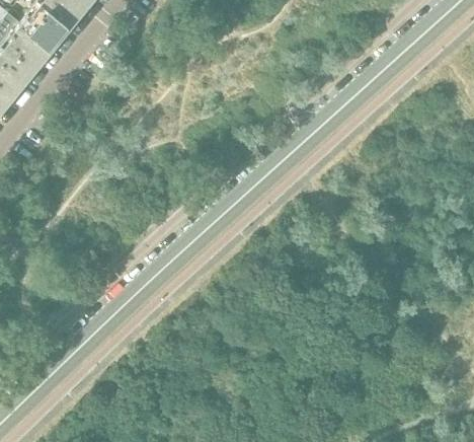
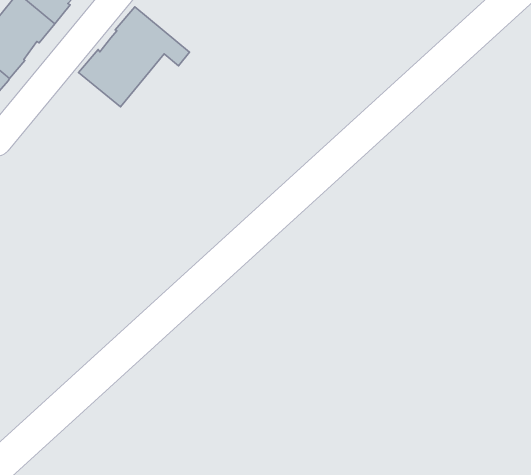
building: none -> [79,7,190,107]

